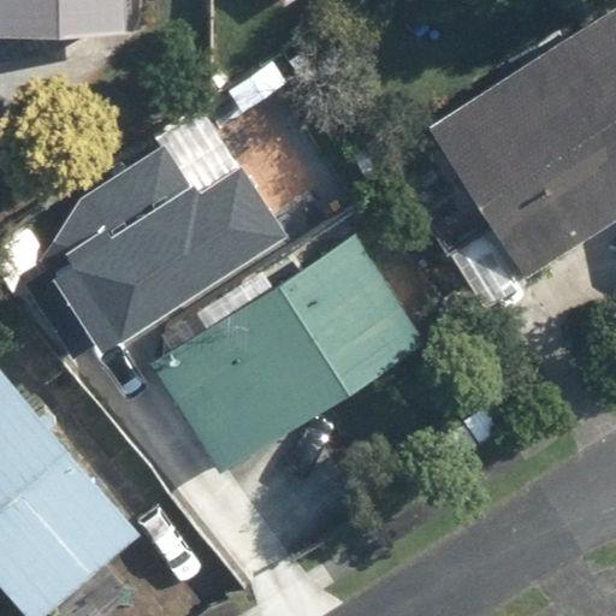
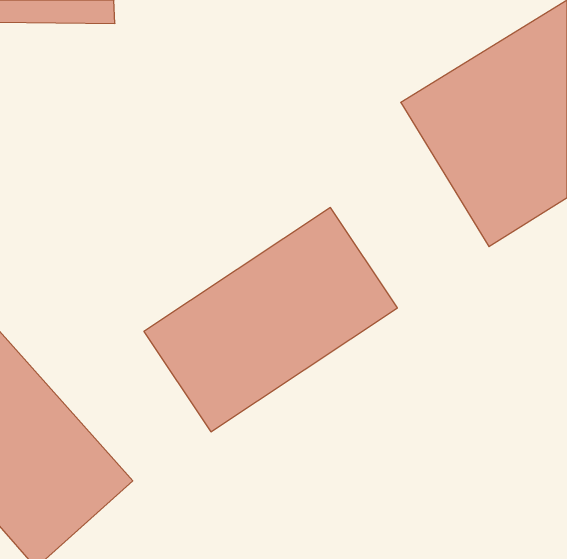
building: [25,148,280,346] -> none

